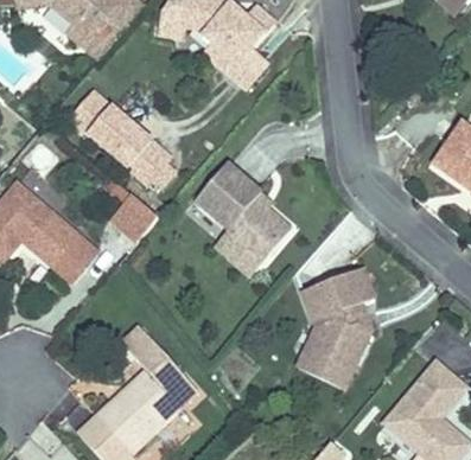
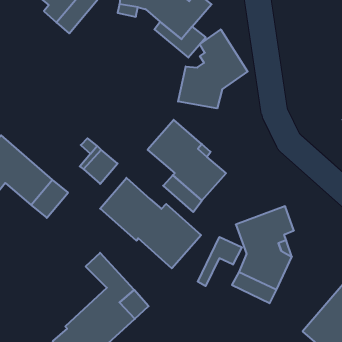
building: none -> [178,29,248,108]
building: [70,90,176,185] -> none
building: none -> [100,178,201,268]
building: none -> [198,237,242,286]

